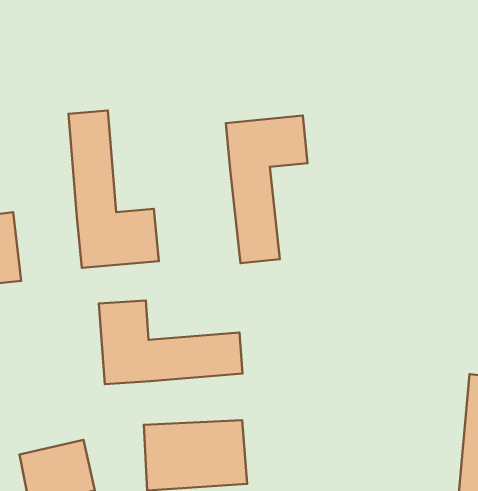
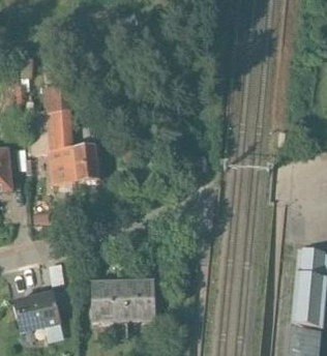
building: [226,115,307,263] -> none
building: [99,300,242,384] -> none

